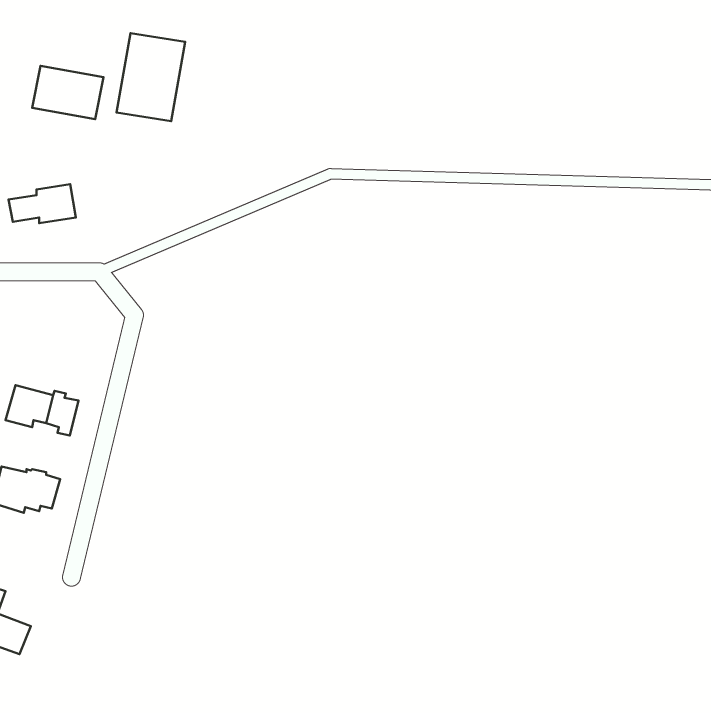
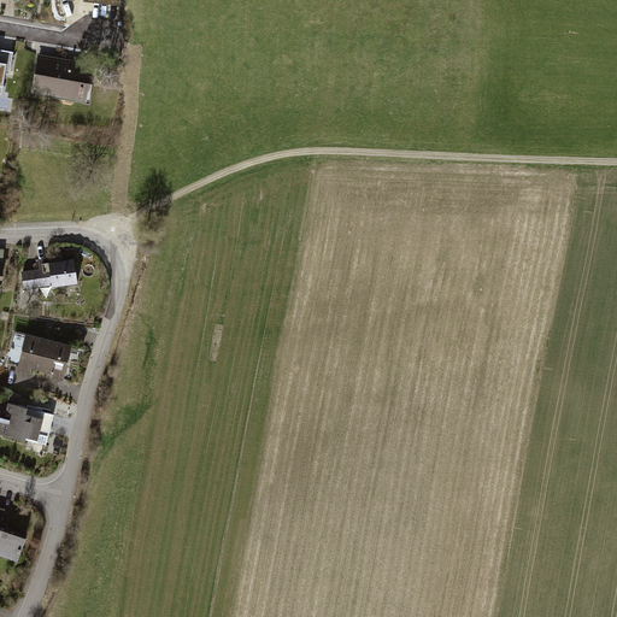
building: [116,33,185,121] -> none
building: [9,184,76,223] -> [18,257,76,290]

